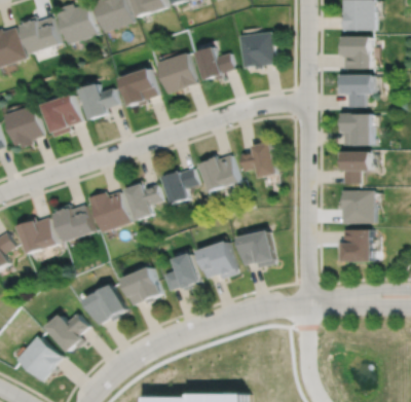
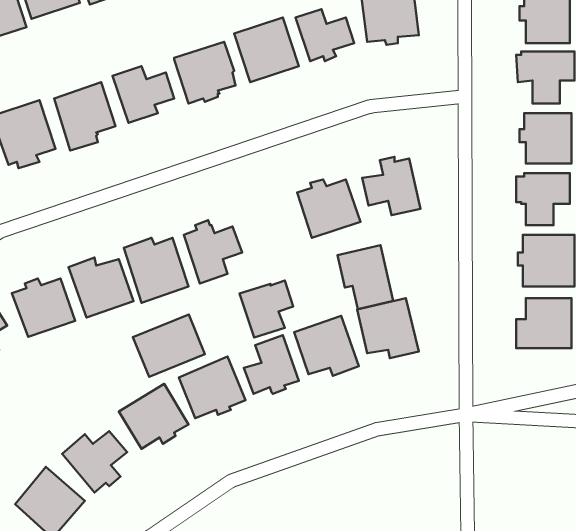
building: [161,168,195,204] -> [240,281,293,337]
building: none -> [337,245,393,309]
building: none -> [133,314,205,377]

